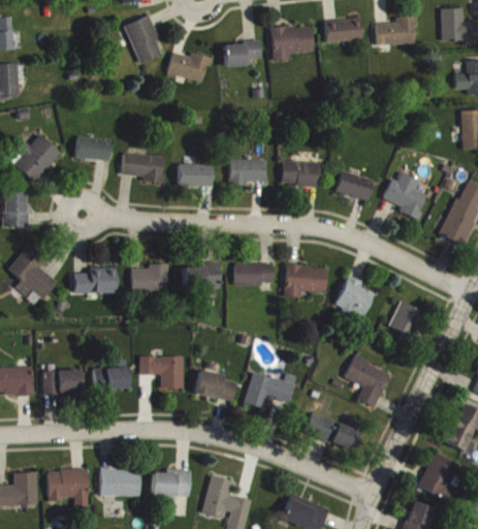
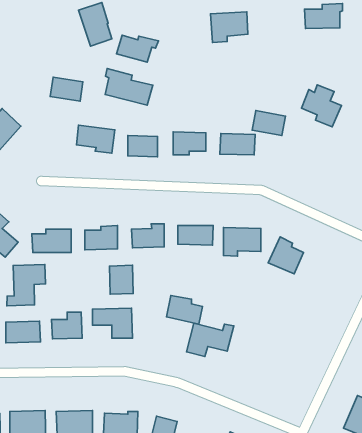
building: [325,19,361,42] -> none
building: [223,42,260,66] -> none
building: none -> [105,68,153,105]
building: [74,135,110,162] -> [50,77,83,101]
building: [336,172,373,199] -> [252,111,286,136]
building: [383,173,427,219] -> [302,85,341,127]
building: [389,302,421,342] -> none
building: none -> [7,264,45,306]
building: none -> [110,265,133,294]
building: [345,356,389,406] -> none
building: [195,370,235,402] -> [166,295,203,324]
building: [317,418,359,449] -> none

